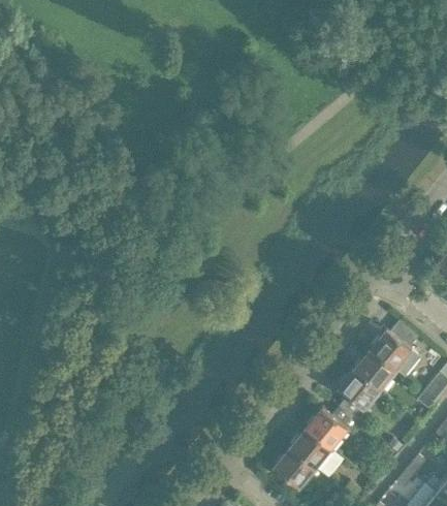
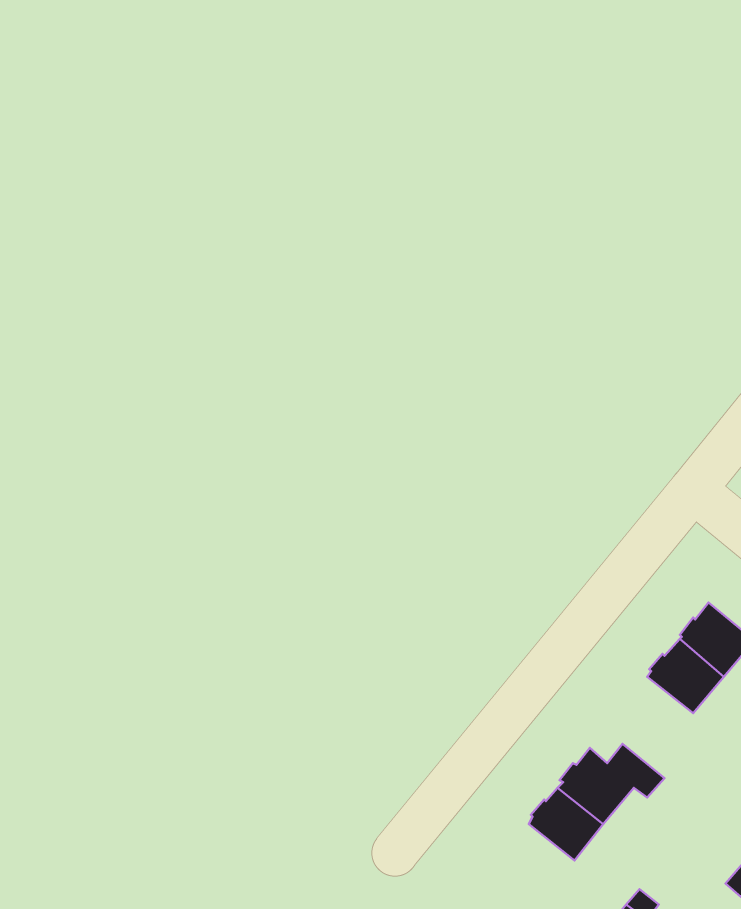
building: [340,369,380,423] -> none
building: [276,448,316,486] -> none

